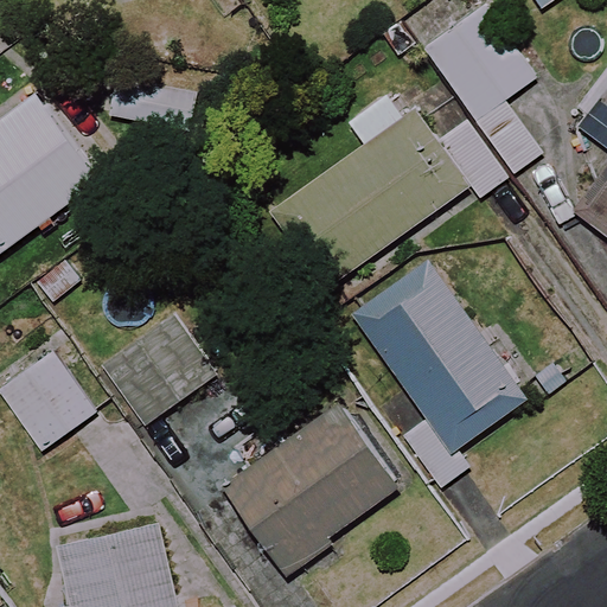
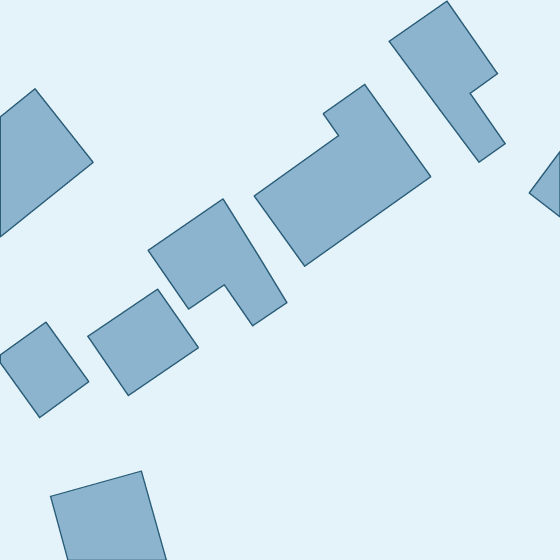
building: none -> [148,199,287,326]
building: [356,262,526,487] -> none
building: [221,401,396,571] -> none

